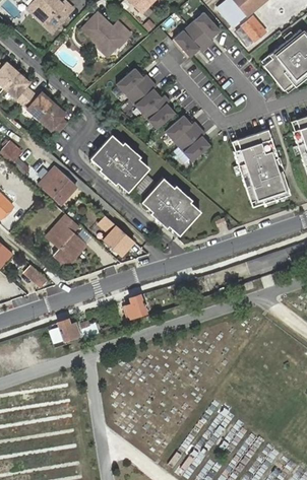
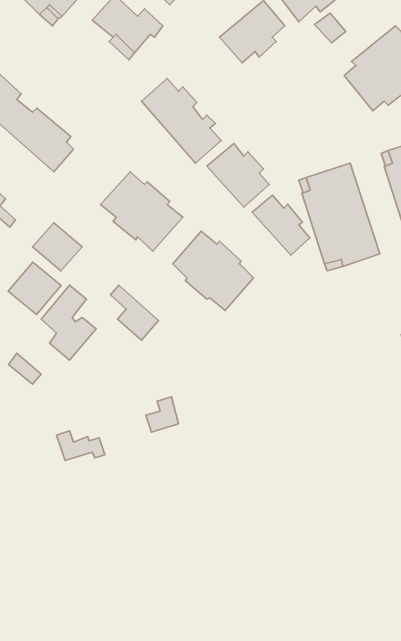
building: none -> [252,195,310,255]
building: none -> [8,262,61,315]

